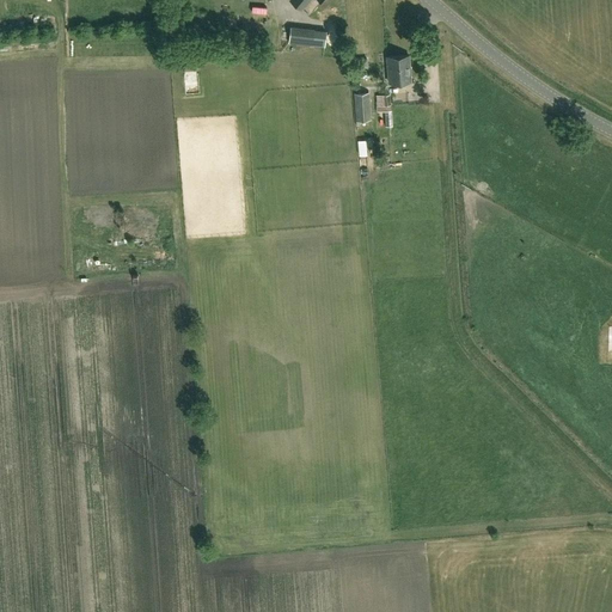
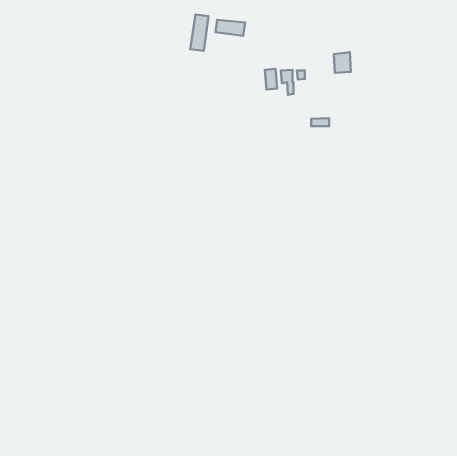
building: none -> [190,15,208,51]
building: [387,56,410,84] -> [334,52,351,73]

